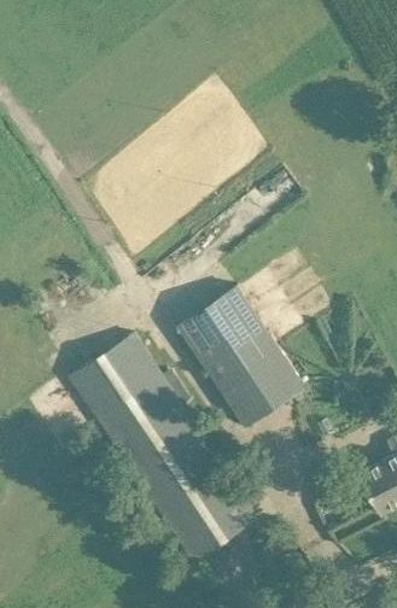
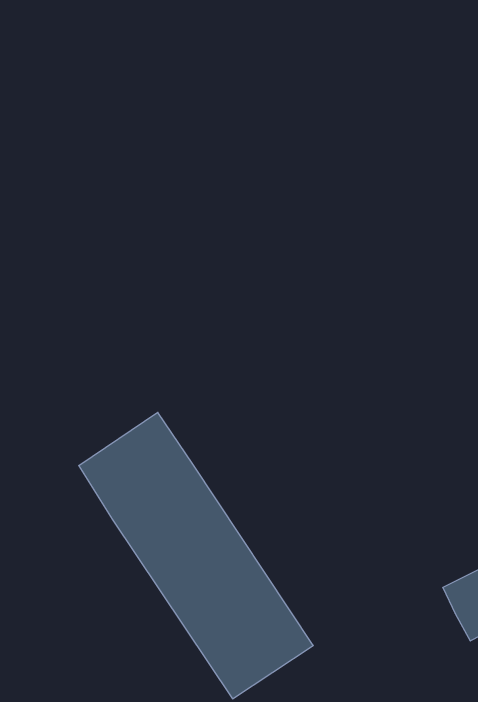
building: [179,287,305,426] -> none

